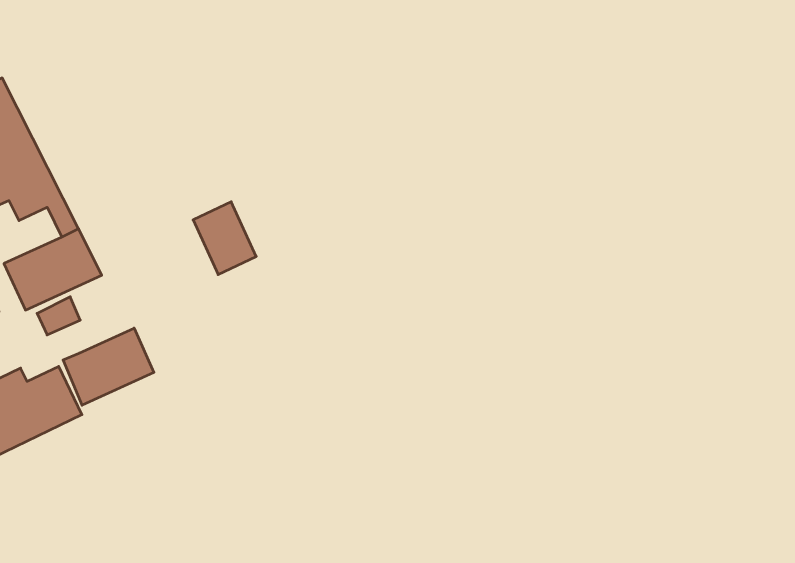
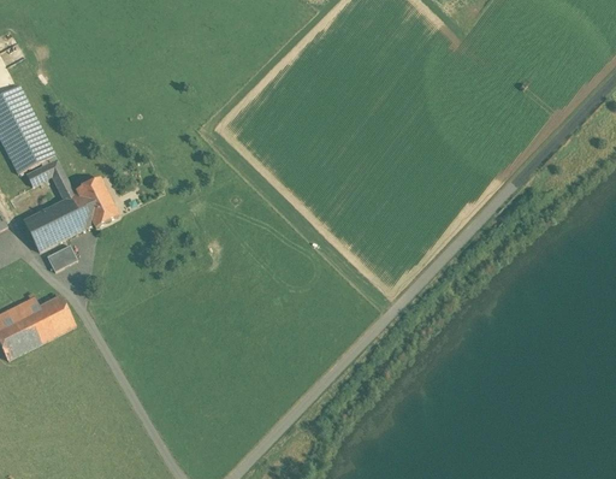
building: [193,202,256,275] -> [75,176,120,229]
building: [63,328,154,405] -> none

